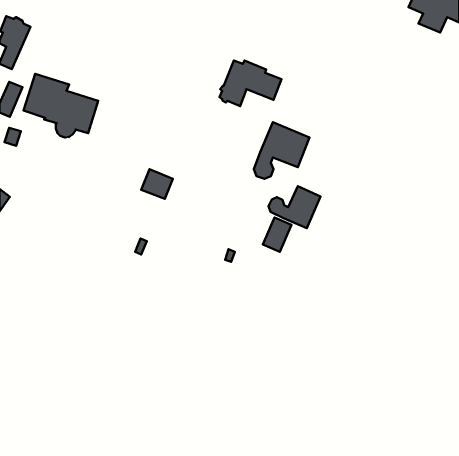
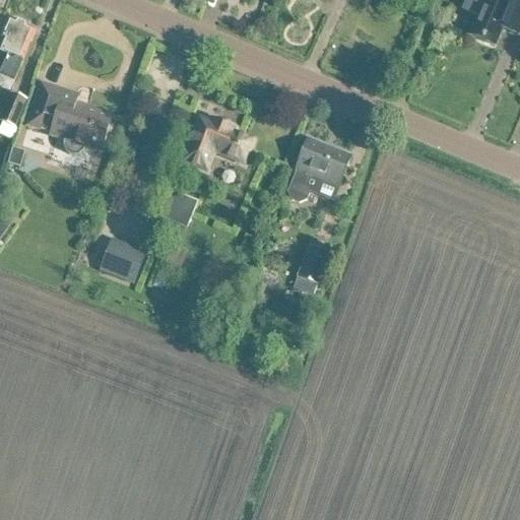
building: [219,60,281,106] -> [182,118,252,170]
building: [268,186,321,228] -> none
building: none -> [99,237,145,284]

